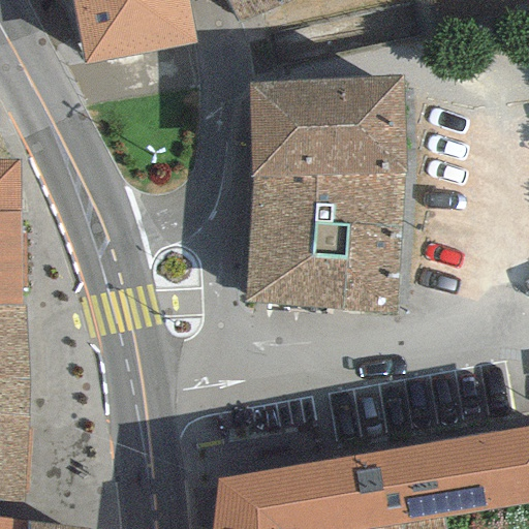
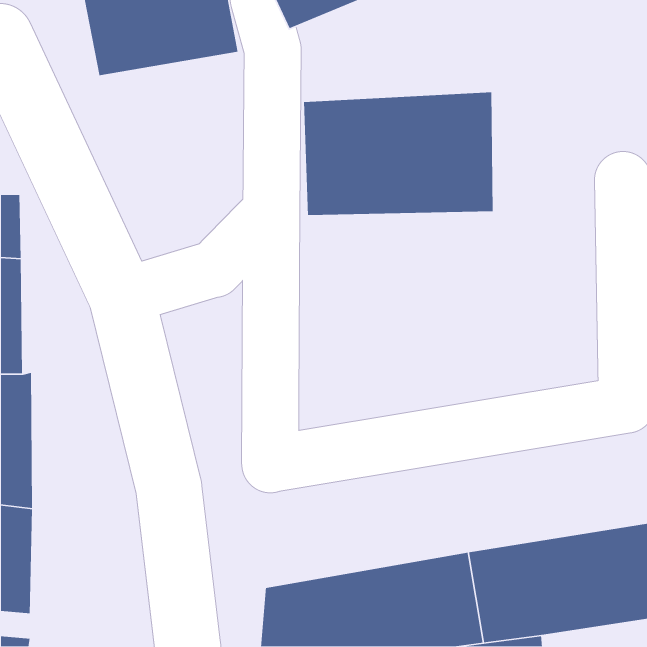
building: [244,173,403,314] -> none

